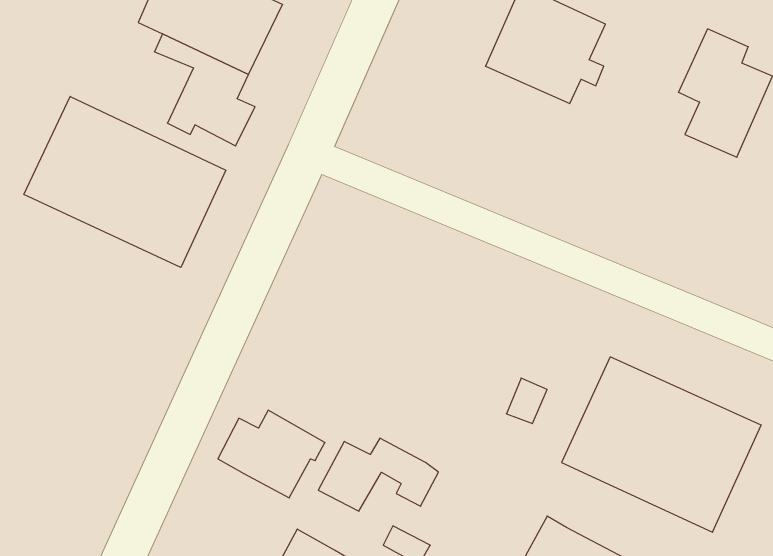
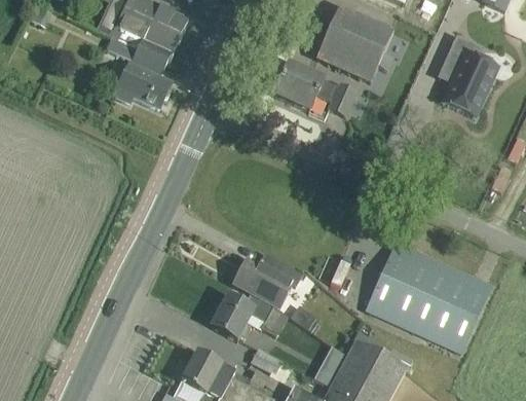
building: none -> [274,63,355,115]
building: [24,96,226,267] -> none
building: [218,410,325,498] -> [233,253,301,308]

